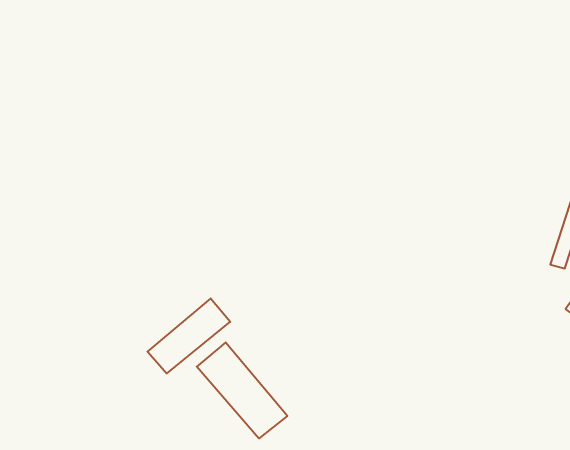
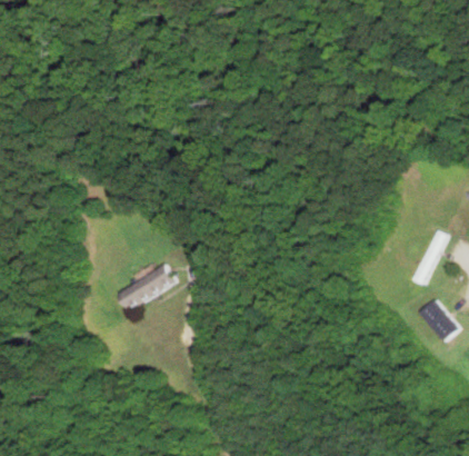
building: [197,342,287,438] -> none

